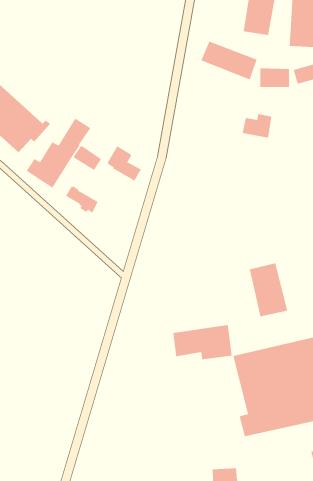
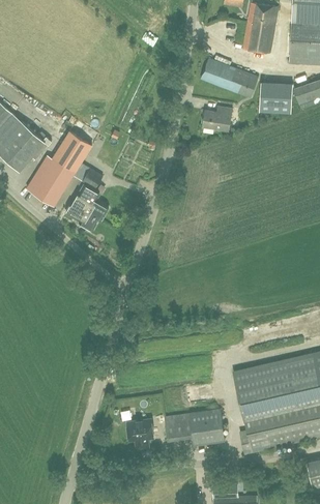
building: [242,113,272,138] -> [201,106,231,130]
building: [106,146,142,182] -> [72,184,108,220]
building: [249,263,288,317] -> none
building: [172,325,233,360] -> [164,409,224,444]
building: none -> [126,419,152,448]

